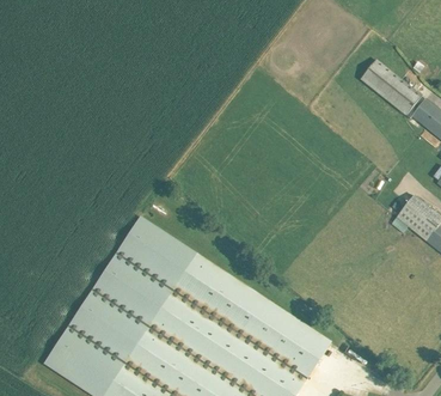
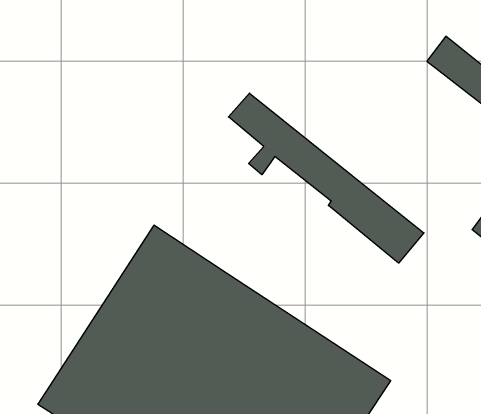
building: none -> [228,93,424,263]

